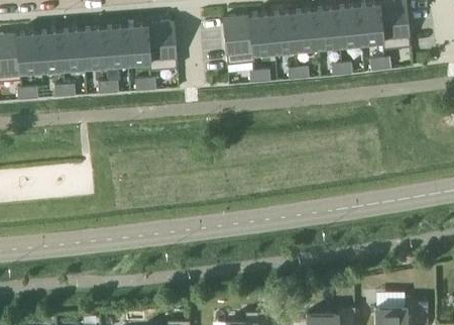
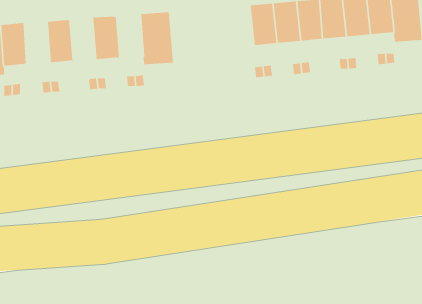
building: [223,17,256,67] -> none
building: [126,25,151,66] -> none
building: [83,28,107,69] -> none
building: [40,32,65,72] -> none

